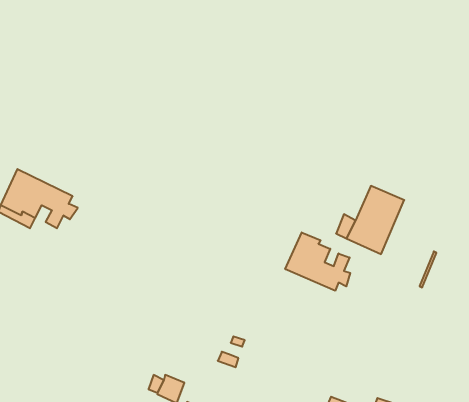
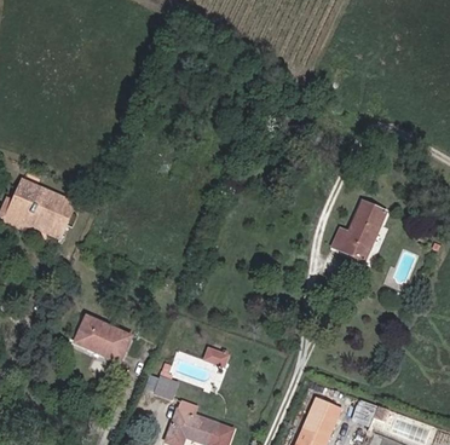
building: [285,232,350,291] -> none
building: none -> [65,311,131,369]

